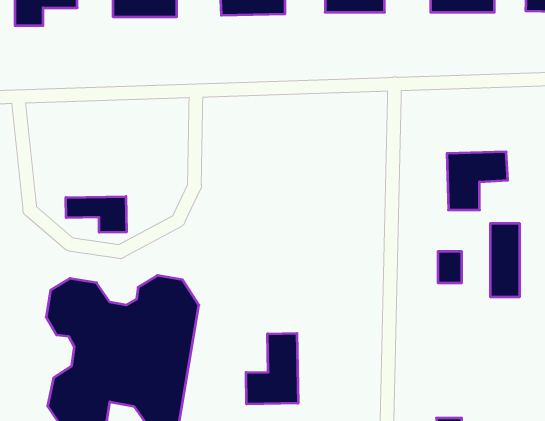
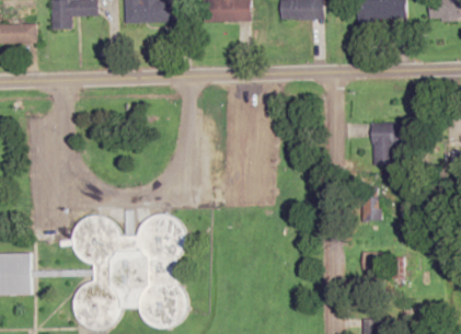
building: [66,196,126,232] -> none
building: [491,223,519,297] -> none
building: [246,333,298,404] -> none

